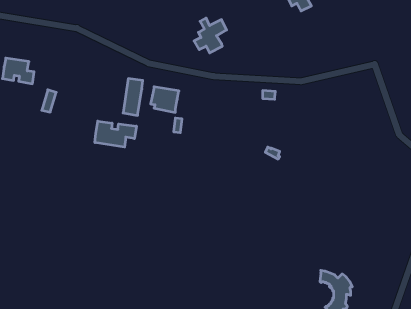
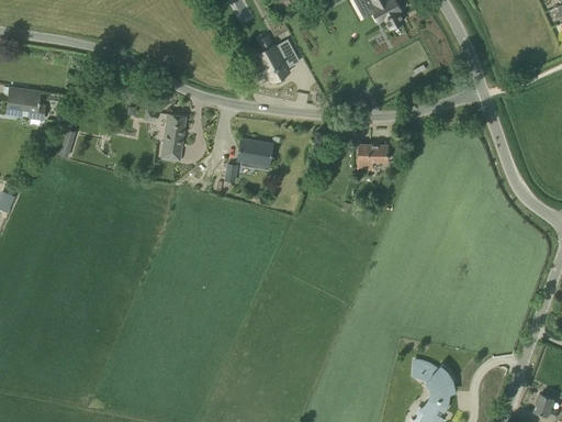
building: [151,87,179,112] -> [237,137,273,170]
building: none -> [358,143,387,169]
building: [95,121,136,147] -> none

